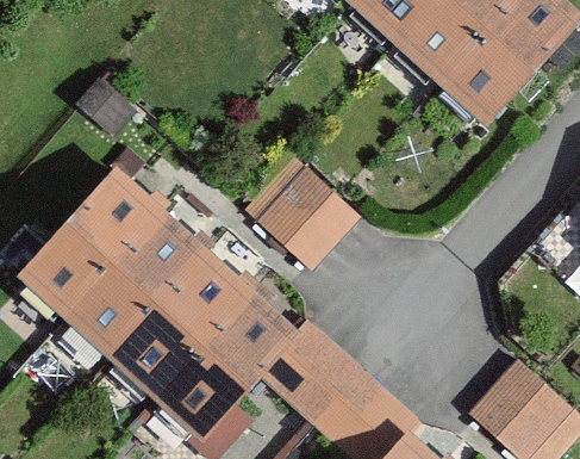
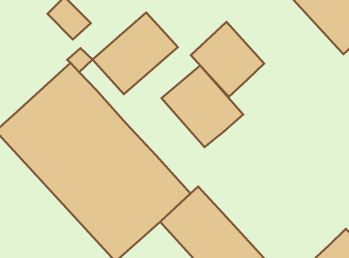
building: none -> [92,13,178,94]
building: none -> [191,22,264,97]

